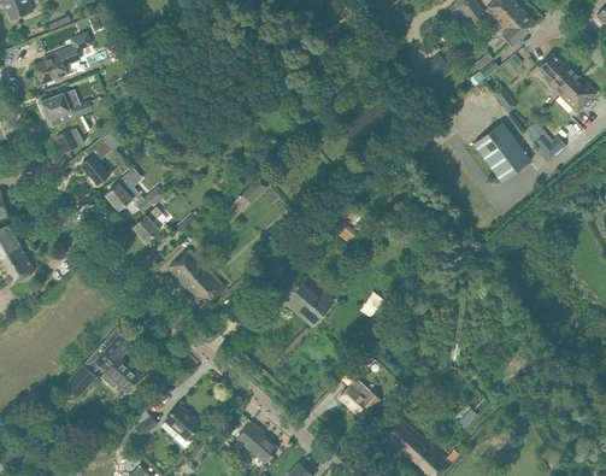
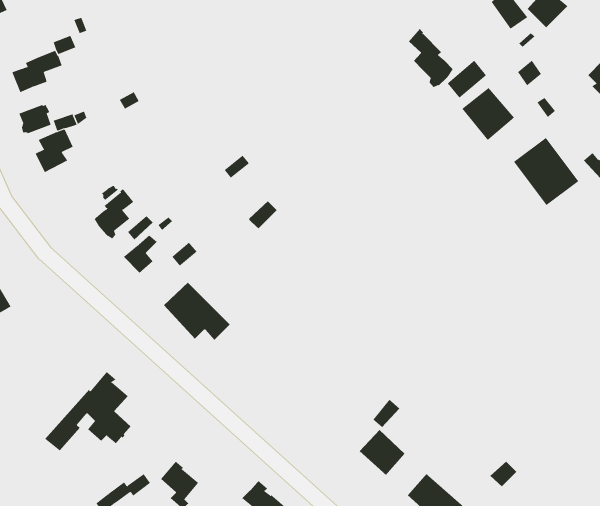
building: [501,7,536,46] -> none
building: none -> [408,28,454,88]
building: none -> [462,87,515,141]
building: [81,136,112,184] -> none
building: [272,268,333,325] -> none

